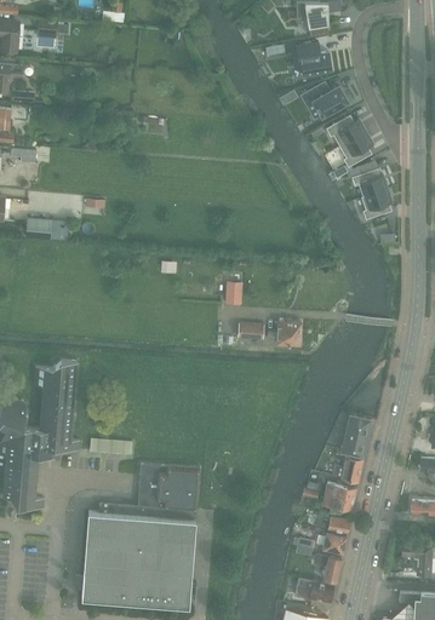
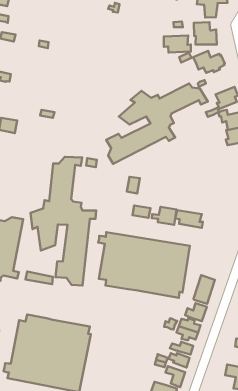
building: none -> [164,35,191,52]
building: [326,115,366,147] -> none
building: none -> [106,83,208,164]
building: none -> [30,157,96,285]
building: none -> [175,210,203,228]
building: none -> [98,232,190,298]
building: [138,464,199,510] -> none

